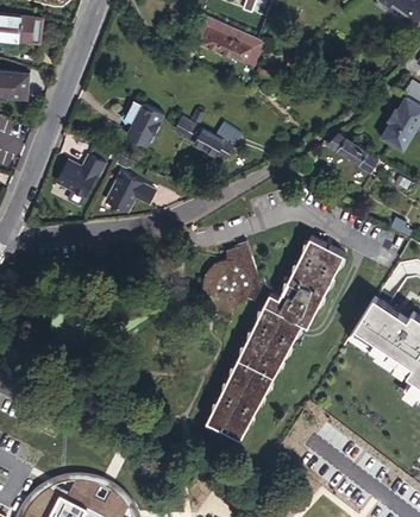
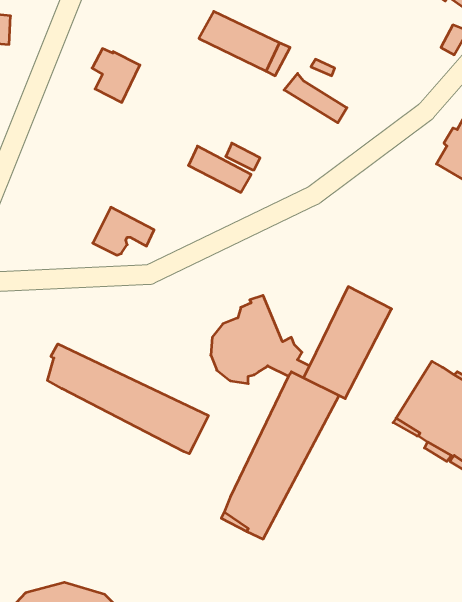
building: [123,101,161,144] -> [92,49,140,102]
building: [327,131,377,170] -> [284,73,347,123]
building: [56,156,105,198] -> none
building: none -> [47,344,208,454]

